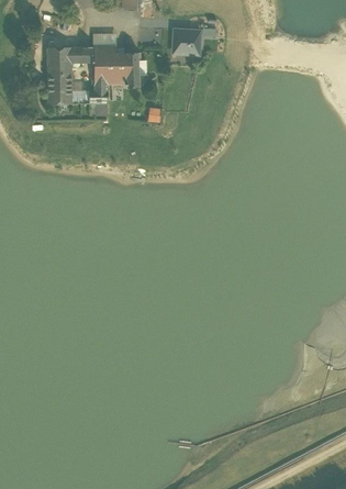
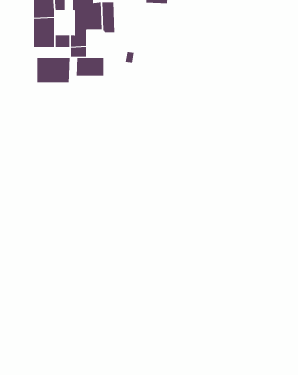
building: none -> [37,57,70,83]
building: none -> [76,57,104,76]

